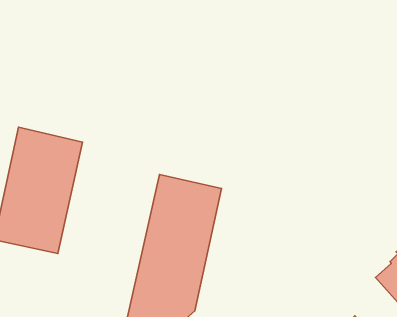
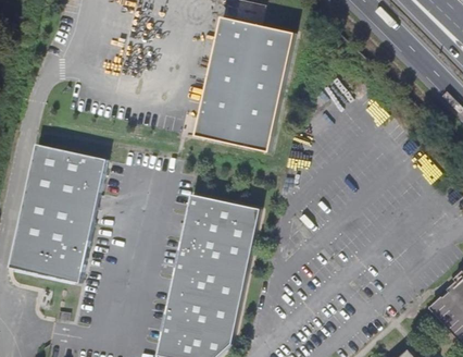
building: none -> [195,16,295,152]

